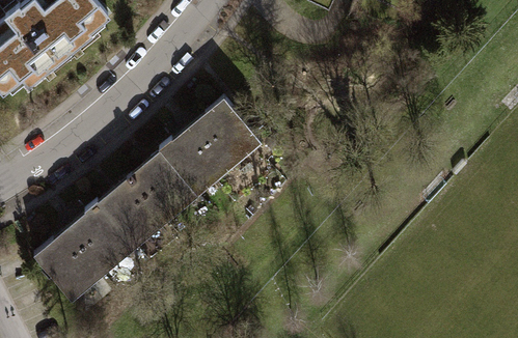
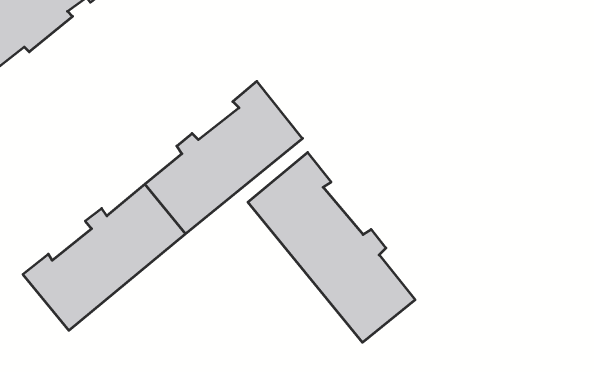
building: none -> [248,152,415,342]

